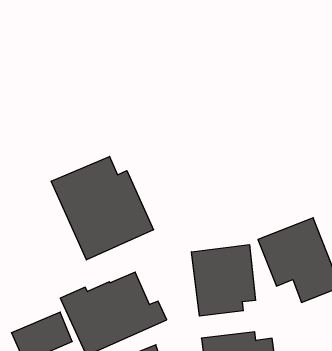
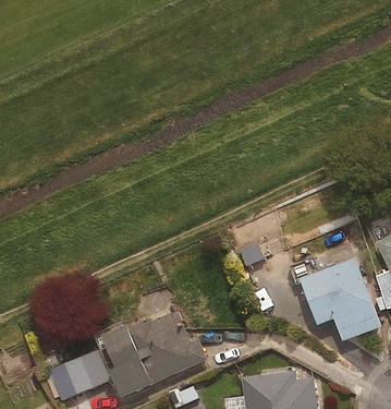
building: [51,156,153,260] -> none
building: [192,245,255,316] -> none

